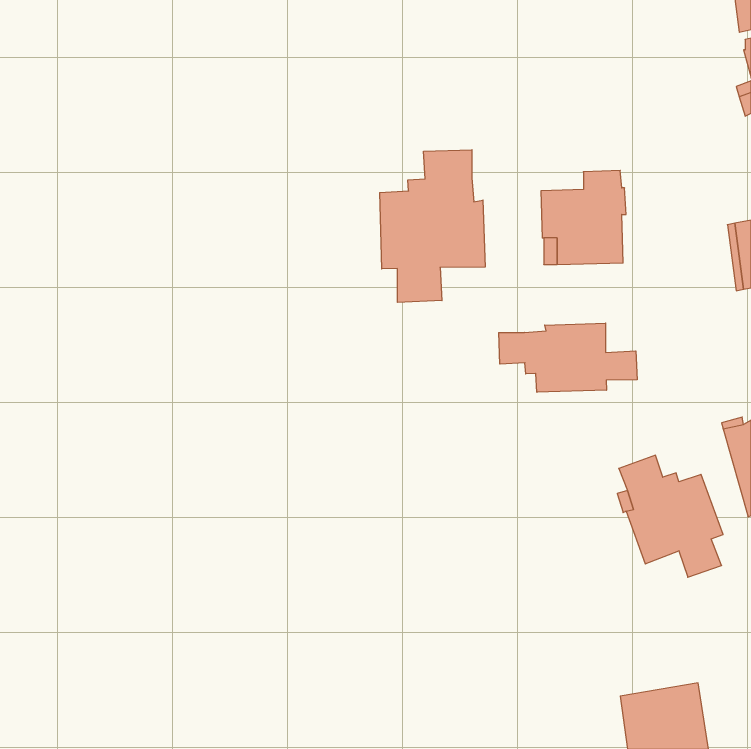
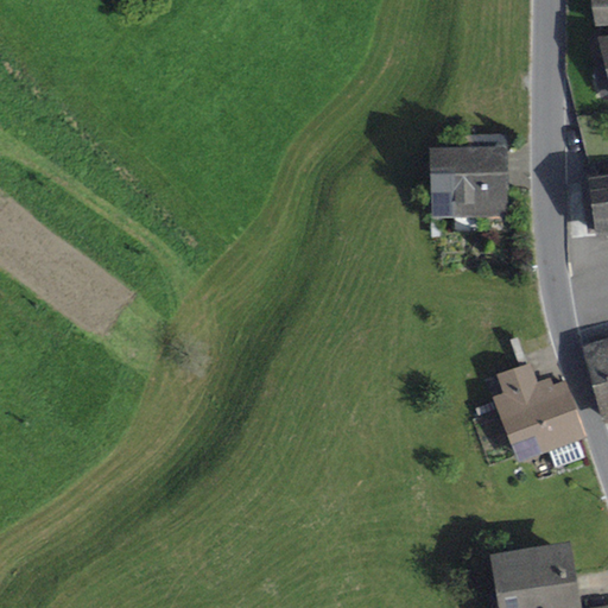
building: [380,150,485,302] -> none
building: [499,323,637,392] -> none

